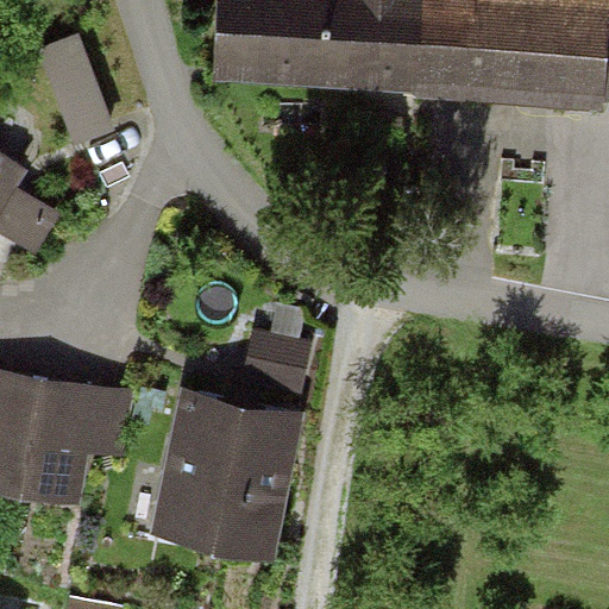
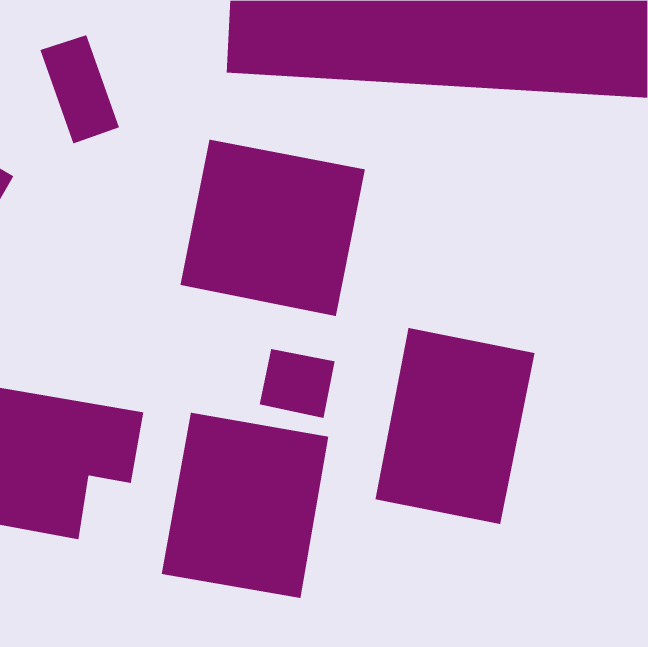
building: none -> [180,139,366,317]
building: none -> [375,327,535,525]

